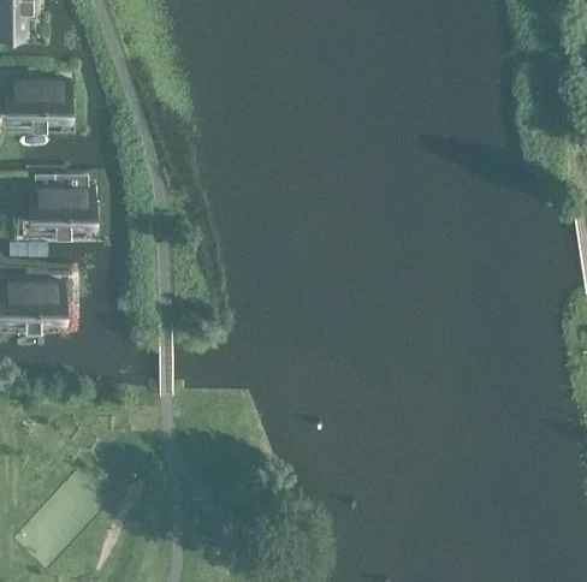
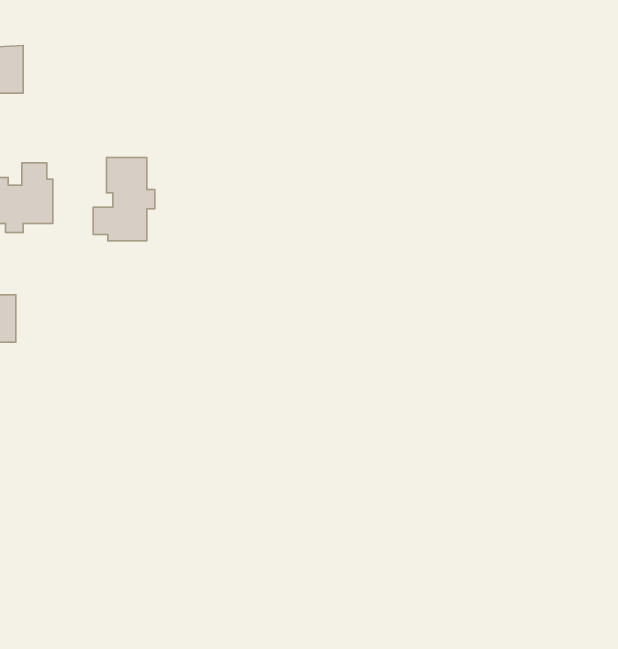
building: none -> [93,157,155,241]

